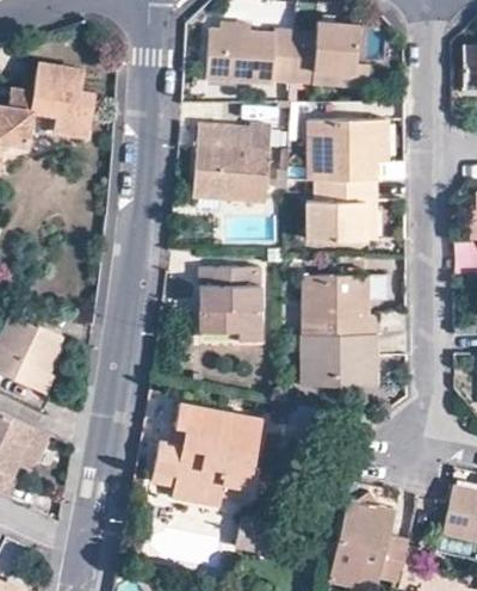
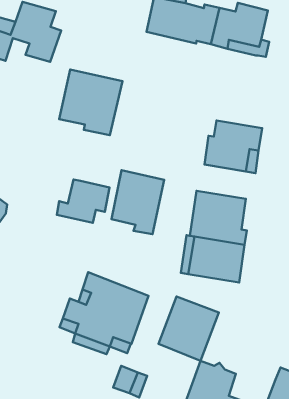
building: [309,122,380,180] -> none
building: [196,125,270,202] -> [59,70,122,135]
building: none -> [57,180,110,223]
building: none -> [158,296,219,361]

